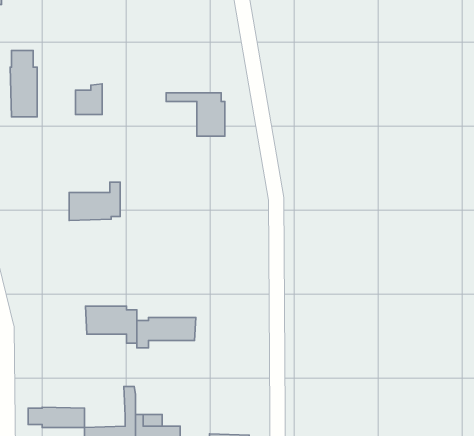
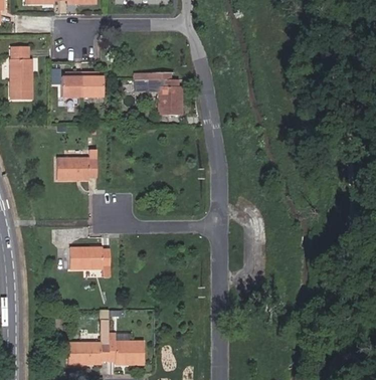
building: none -> [82,72,102,97]
building: [137,317,196,348] -> none
building: [28,407,84,427] -> none

